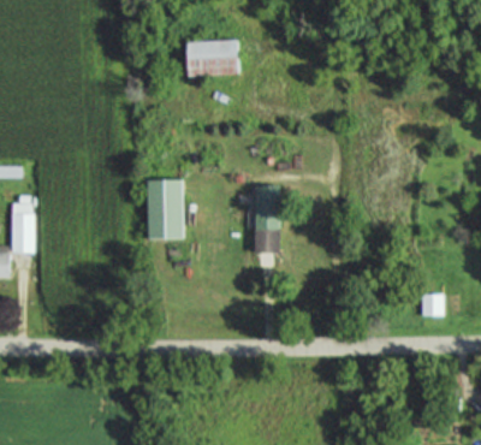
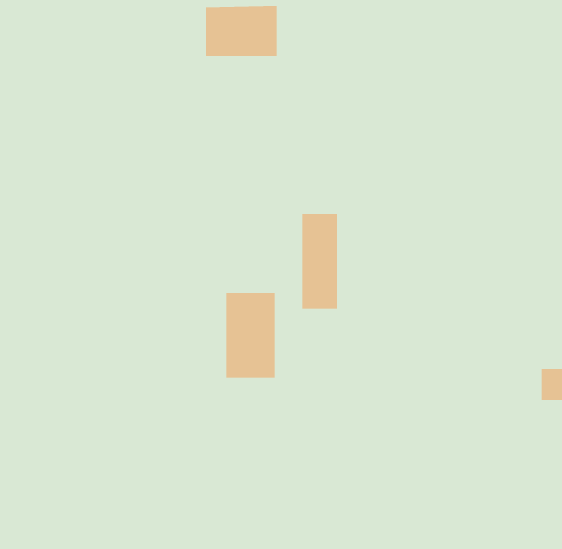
building: [148,179,183,239] -> [226,292,275,378]

